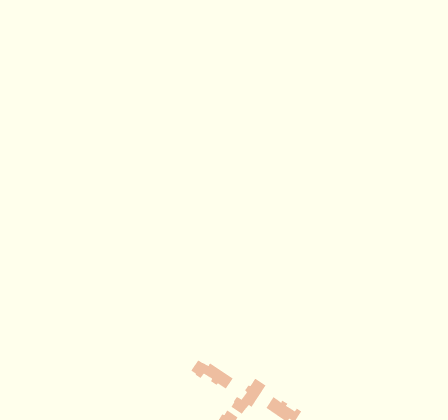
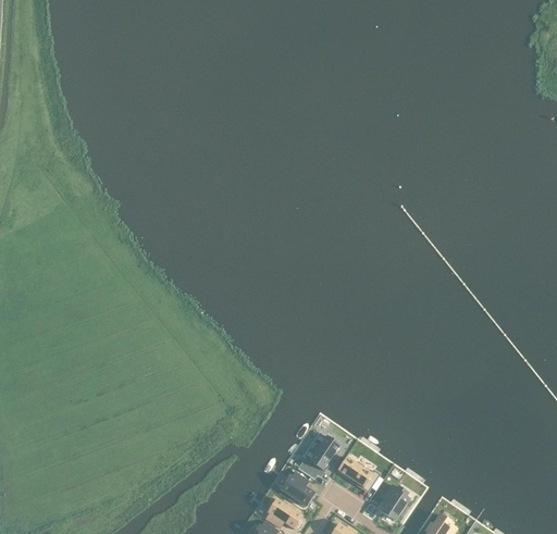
building: [191,359,233,390] -> none

